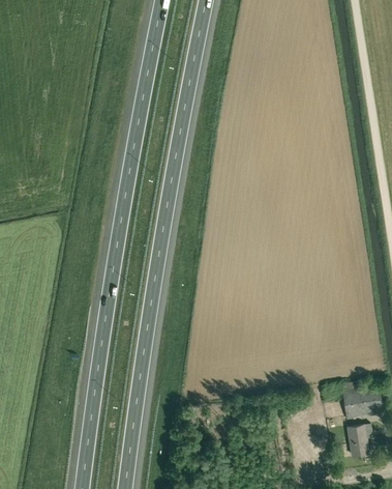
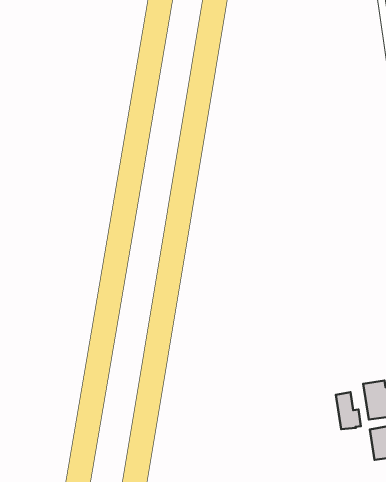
building: none -> [336,392,361,429]

